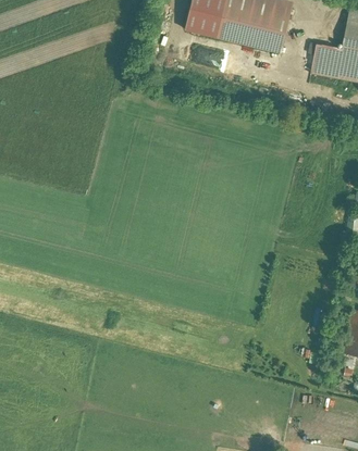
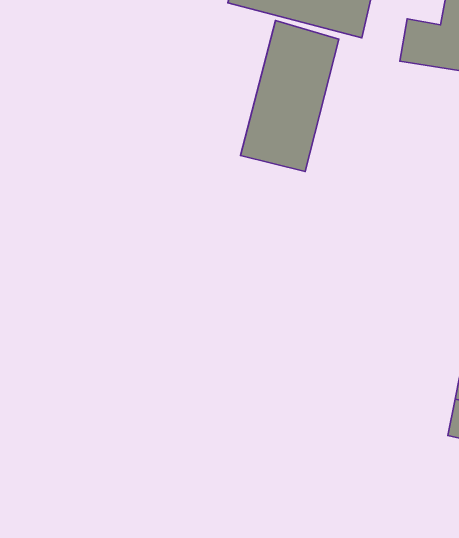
building: none -> [240,21,339,172]

